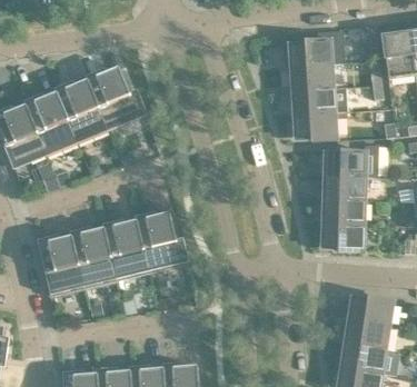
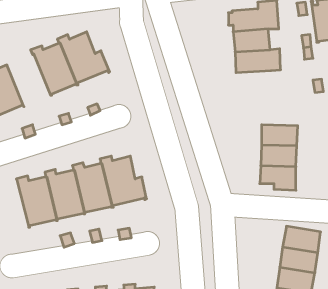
building: [22,92,76,155] -> none
building: [292,112,336,141] -> none
building: [322,150,365,177] -> none

